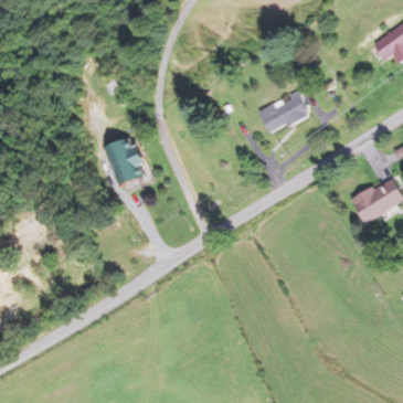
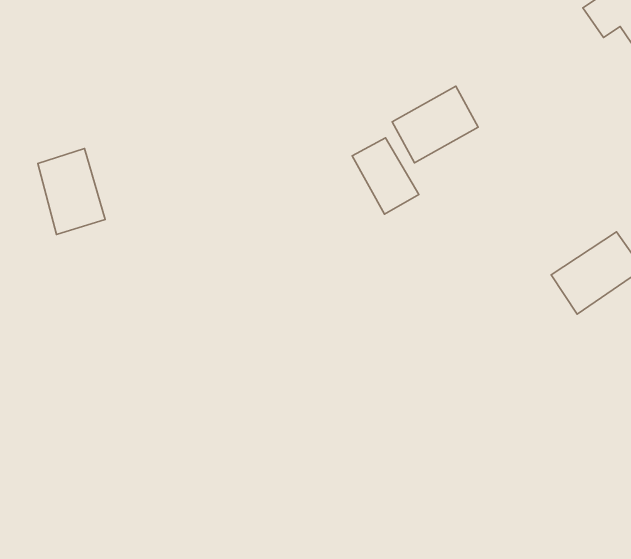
building: none -> [352,138,419,214]
building: [108,135,148,185] -> [38,149,105,235]

